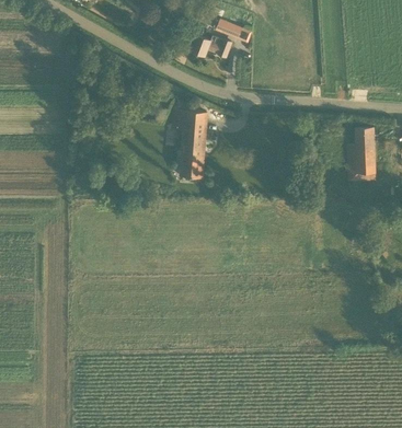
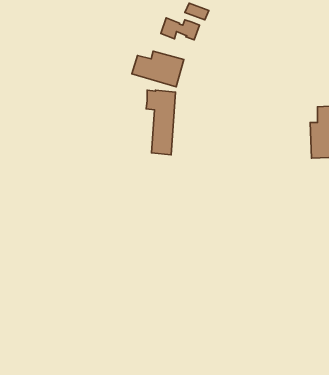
building: none -> [132,51,184,87]

